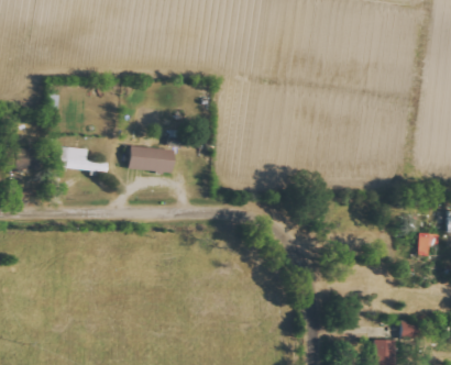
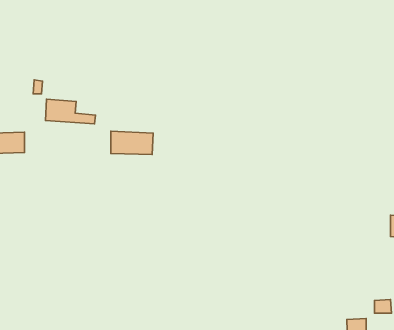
building: [56,146,108,172] -> [45,99,95,124]

